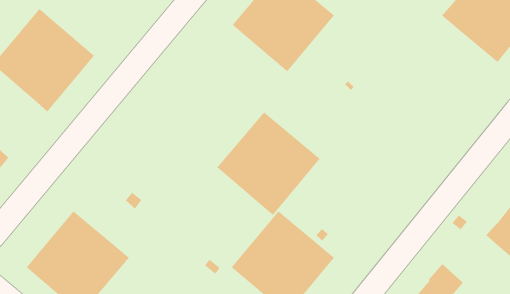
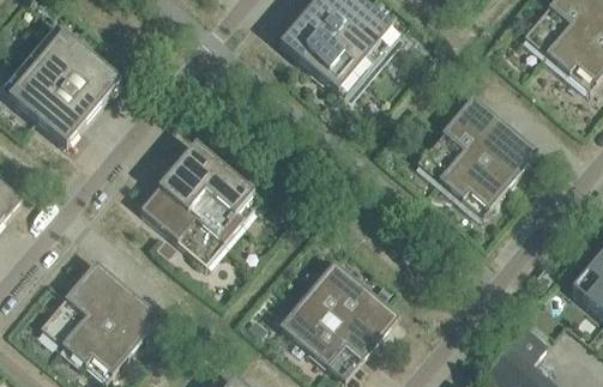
building: none -> [416,96,537,217]
building: [216,112,321,216] -> [139,145,260,266]

